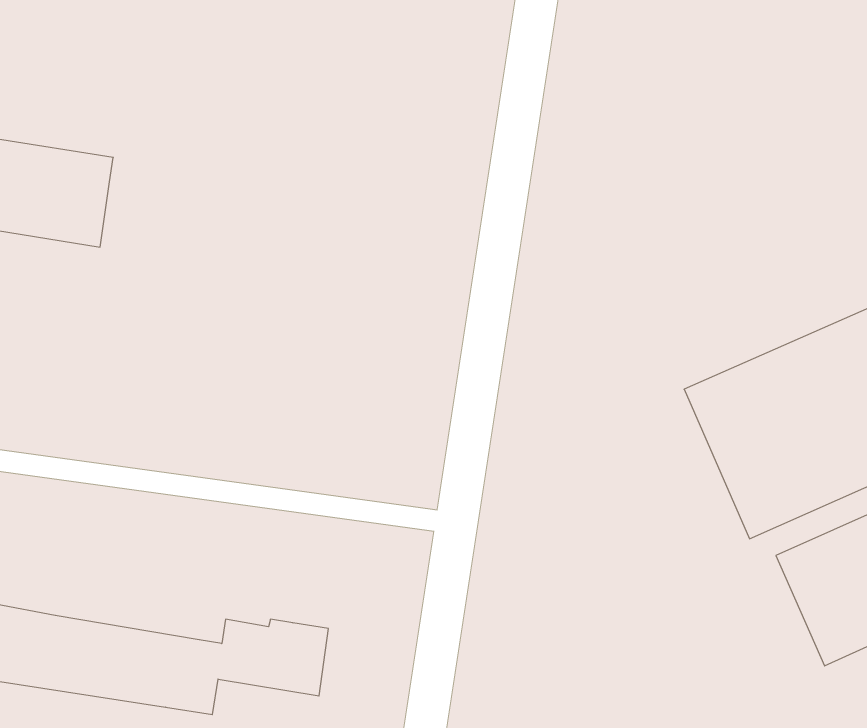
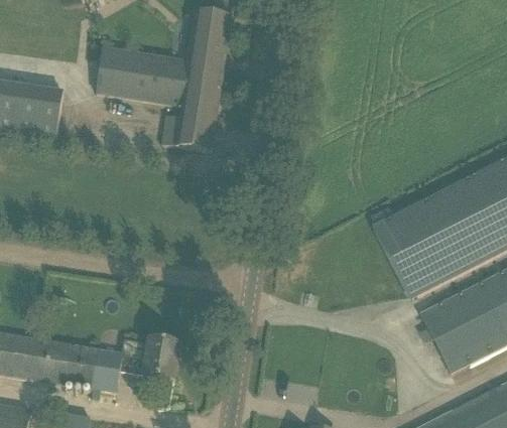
building: none -> [96,13,231,151]

